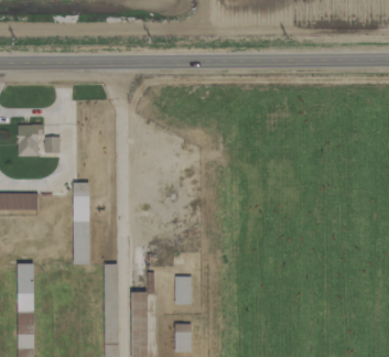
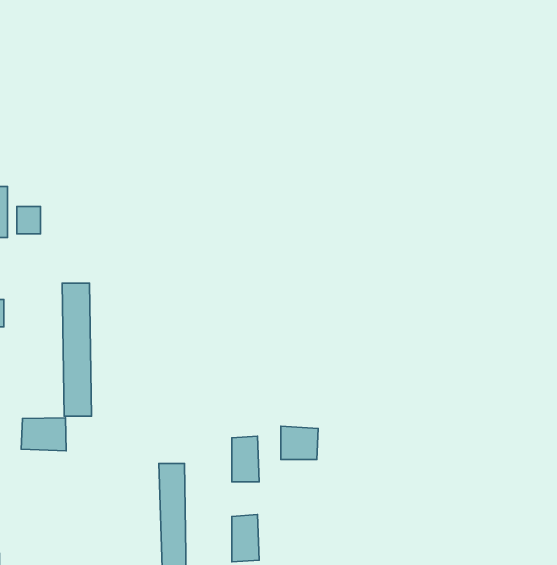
building: none -> [21,418,66,451]
building: none -> [281,426,318,460]

